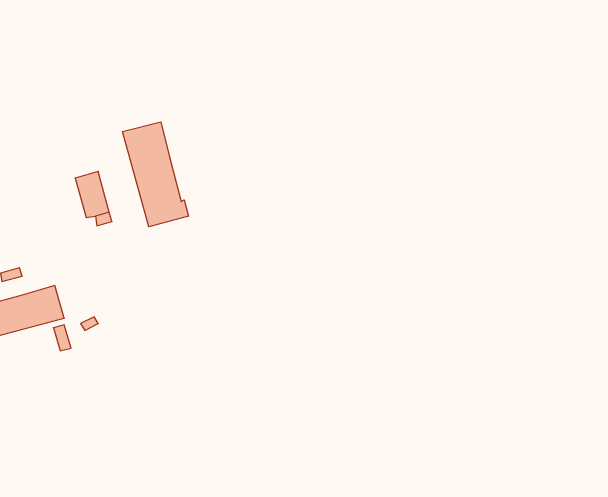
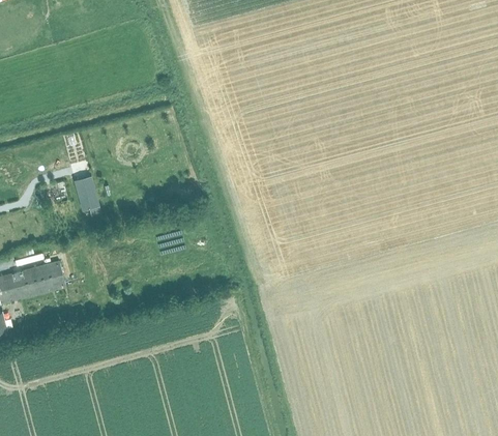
building: [122,122,188,227] -> none

